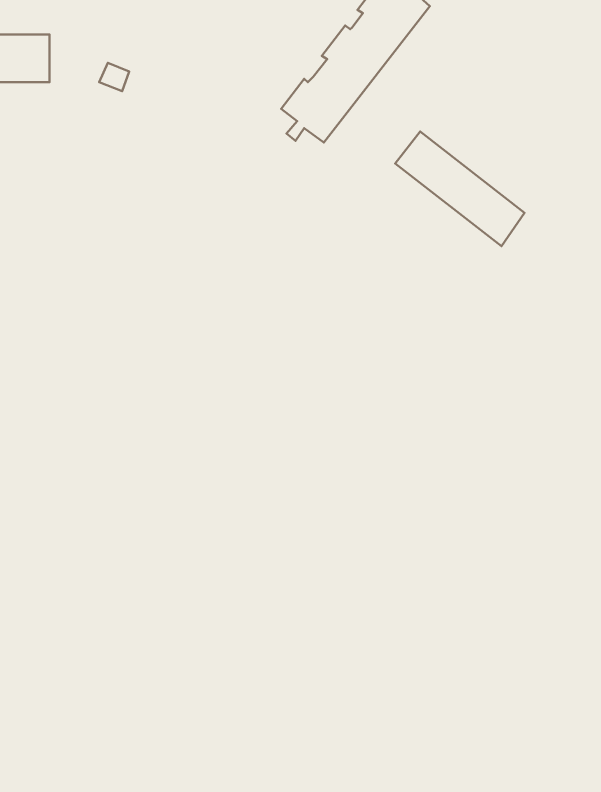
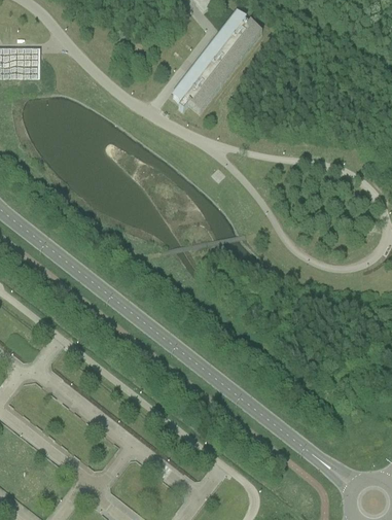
building: [395,132,524,246] -> none

